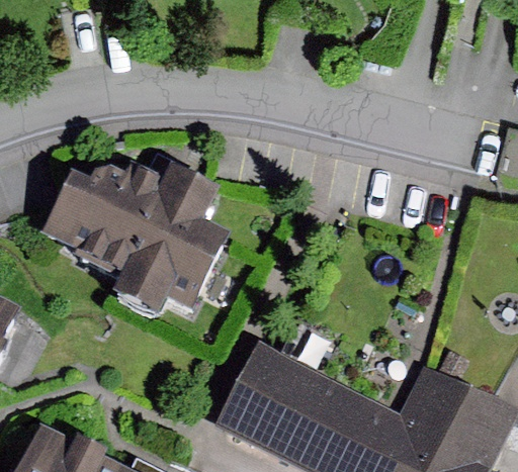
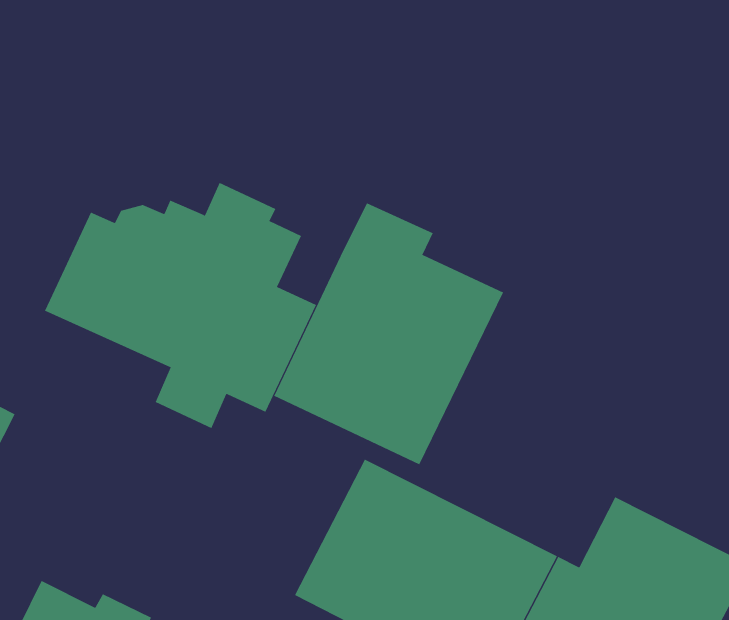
building: none -> [273,203,504,465]

